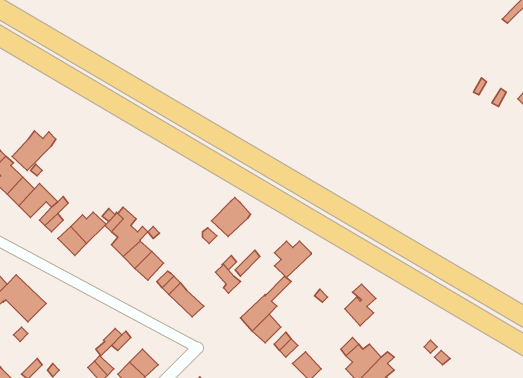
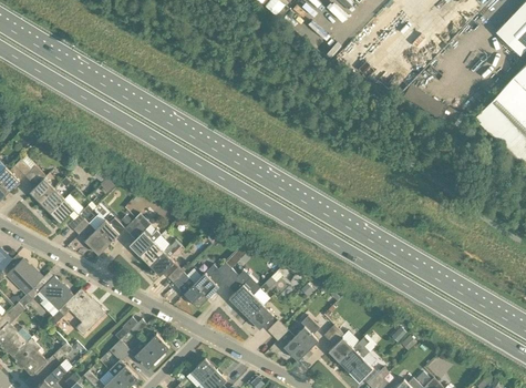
building: [12,131,56,170] -> none
building: [211,197,250,236] -> [193,265,226,298]
building: [275,241,311,278] -> [228,277,259,308]
building: [345,284,376,326] -> [293,316,320,351]
building: none -> [58,288,103,335]

